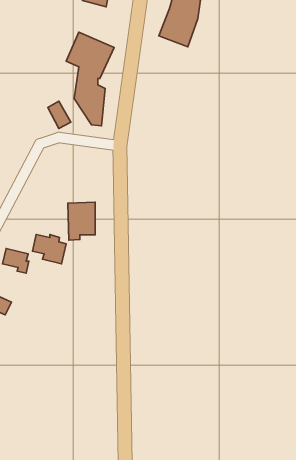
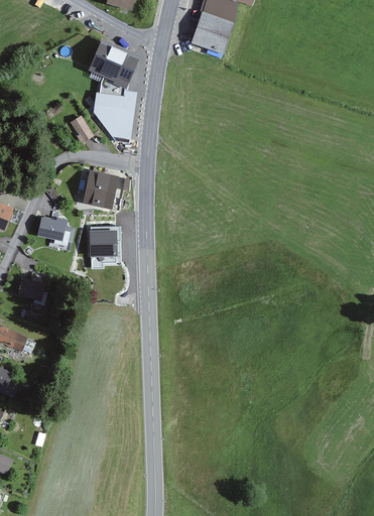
building: none -> [83,169,119,208]
building: [32,235,66,264] -> [37,217,75,249]

